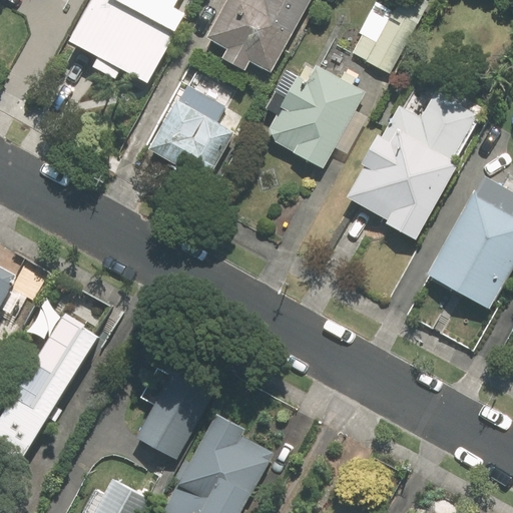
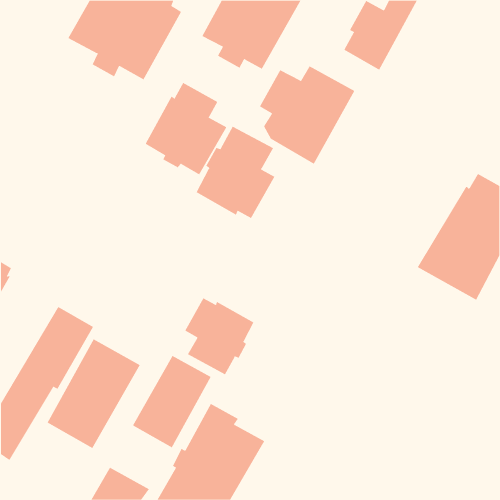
building: [347,91,479,238] -> none
building: none -> [196,126,275,219]
building: none -> [184,297,254,375]
building: none -> [47,339,140,449]

